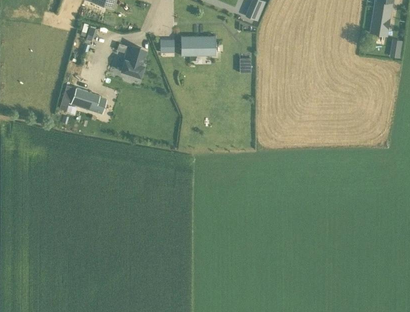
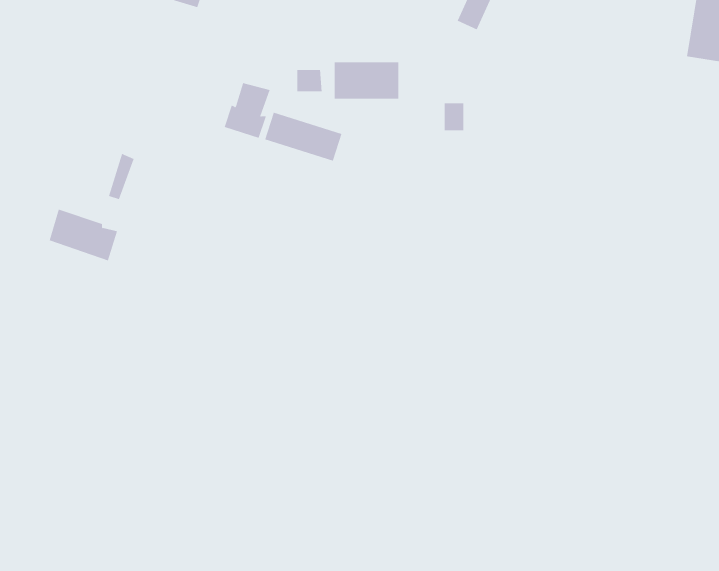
building: none -> [265,112,342,162]
building: [70,86,107,114] -> [49,209,118,261]

